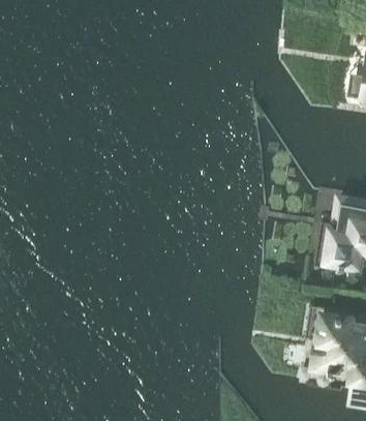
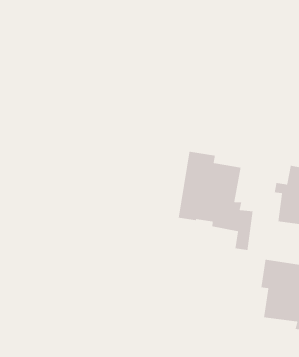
building: none -> [178,151,253,251]

